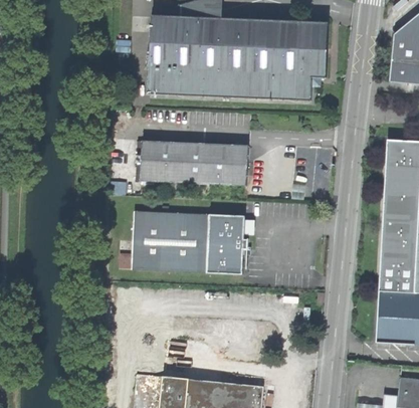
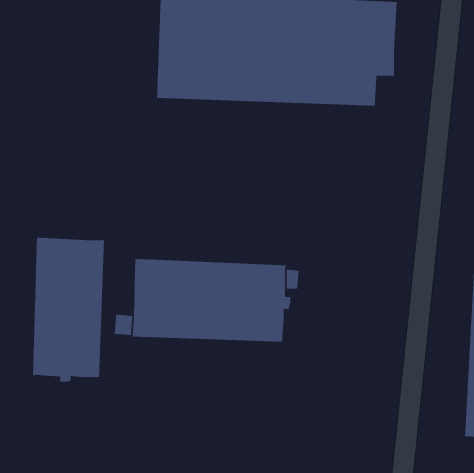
building: [141,139,248,186] -> none
building: none -> [32,237,105,383]

